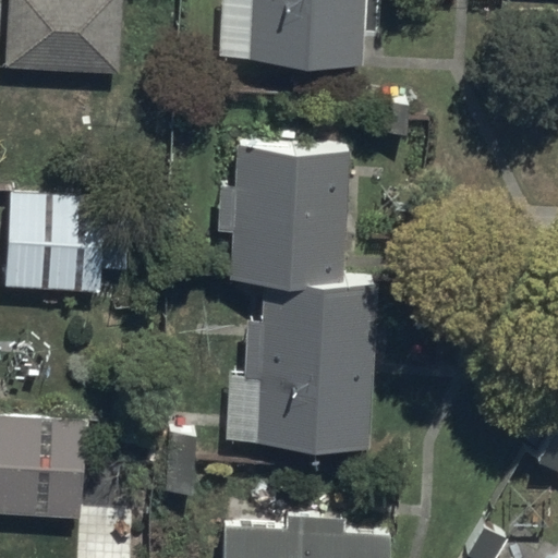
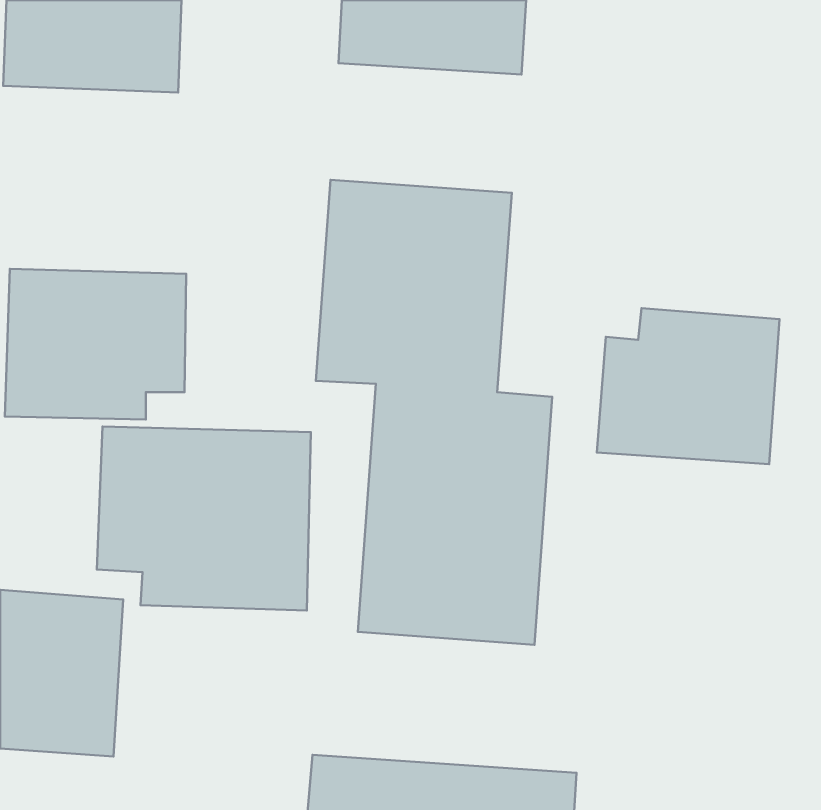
building: none -> [597,308,780,464]
building: none -> [97,427,311,611]

